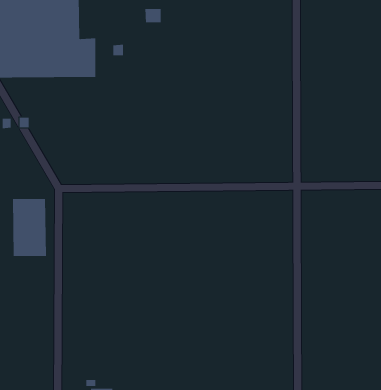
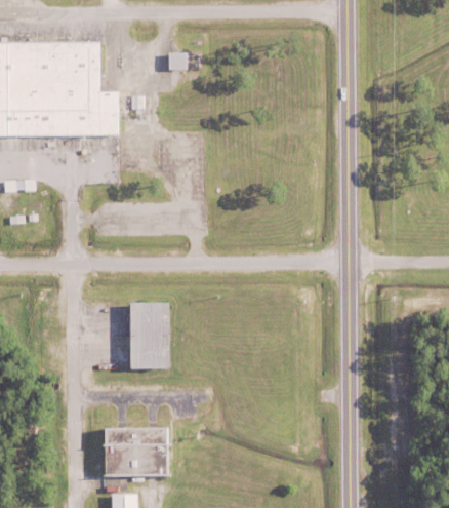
building: [12,198,47,256] -> [128,303,168,369]
building: none -> [105,427,166,476]

